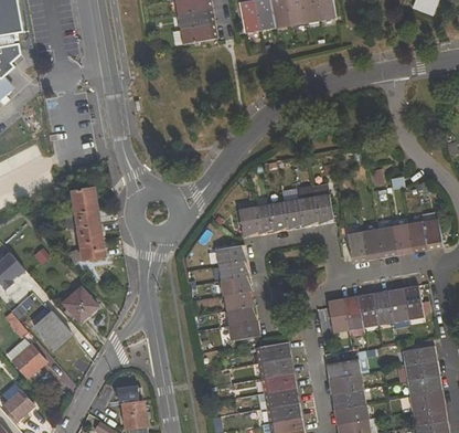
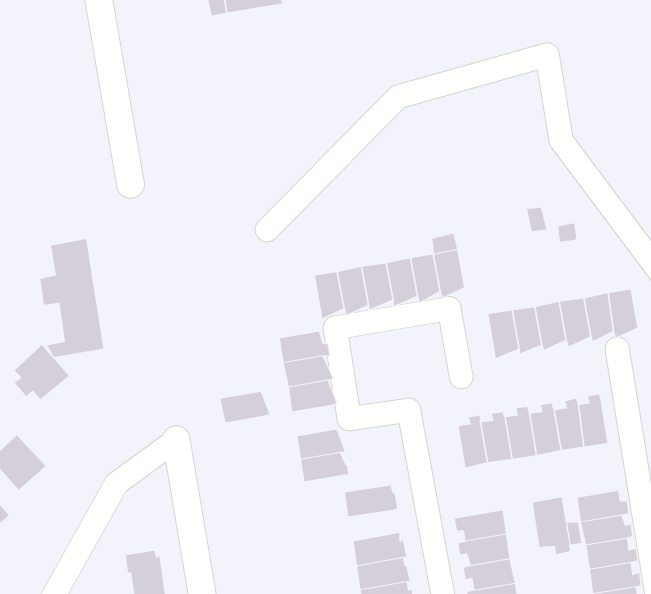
building: [62,286,97,321] -> [14,344,70,400]
building: [223,292,255,311] -> [219,391,270,423]
building: none -> [532,497,570,555]
building: [258,358,292,378] -> none

